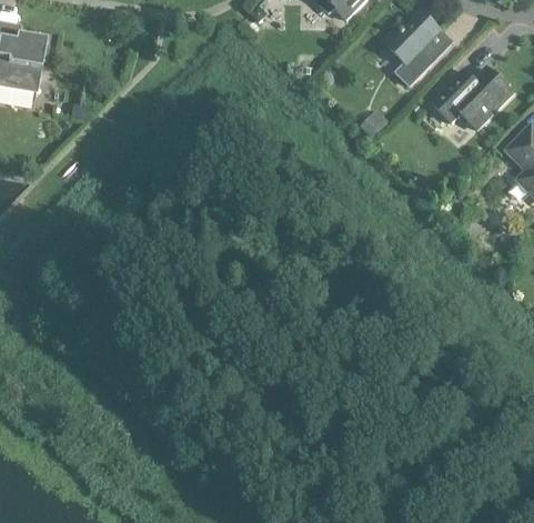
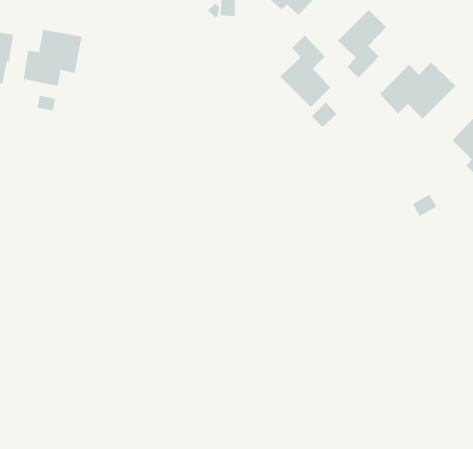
building: none -> [23,29,82,86]
building: none -> [280,35,331,108]

